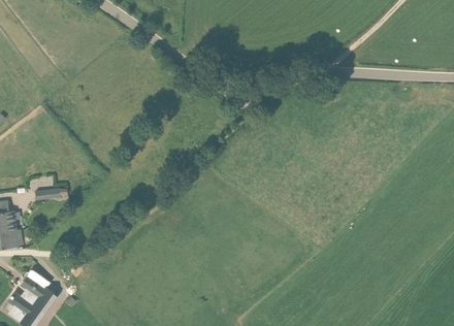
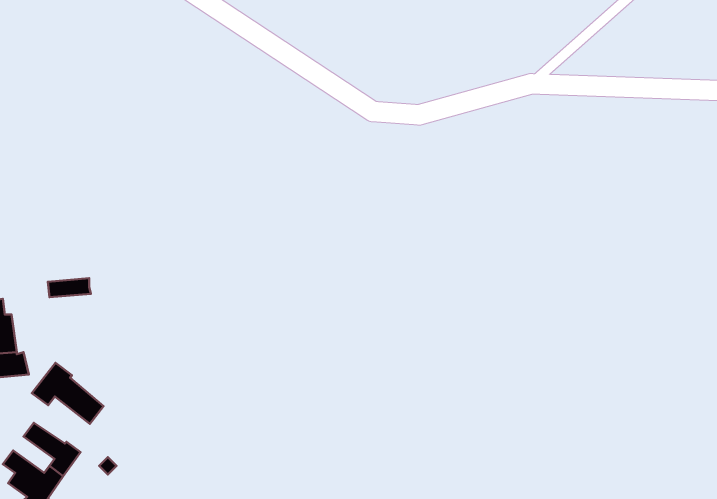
building: none -> [32,363,103,424]

